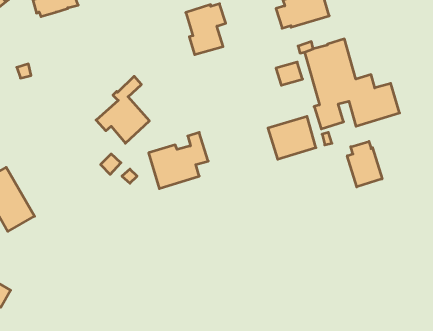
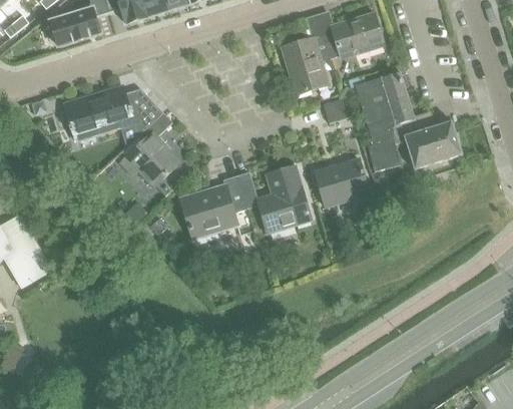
building: [186,4,226,55] -> [285,36,330,93]
building: none -> [55,85,163,140]
building: none -> [236,165,310,230]
building: [347,141,382,187] -> none

